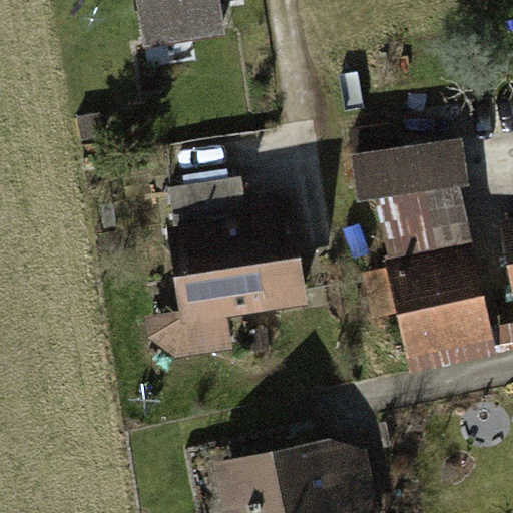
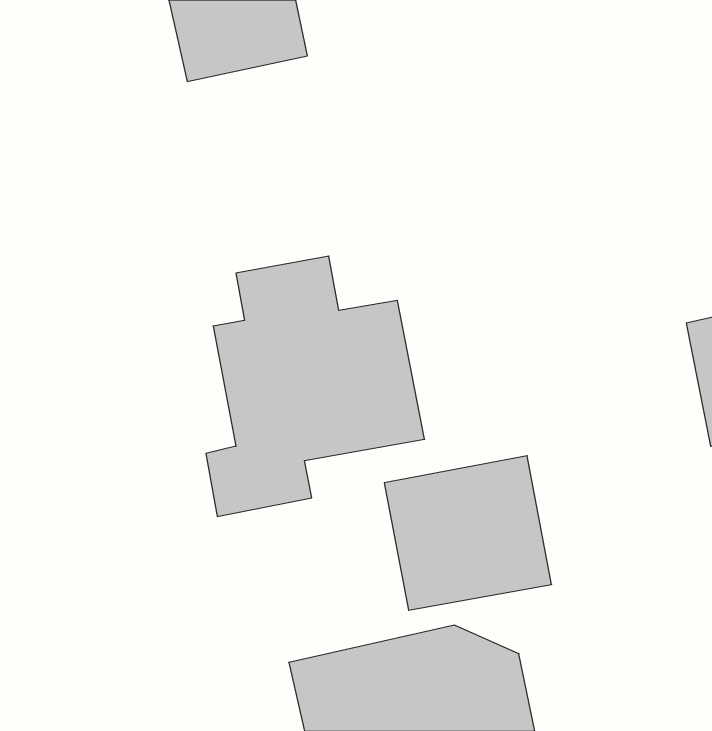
building: [354,139,476,249] -> none
building: [380,253,497,362] -> [384,456,552,610]

